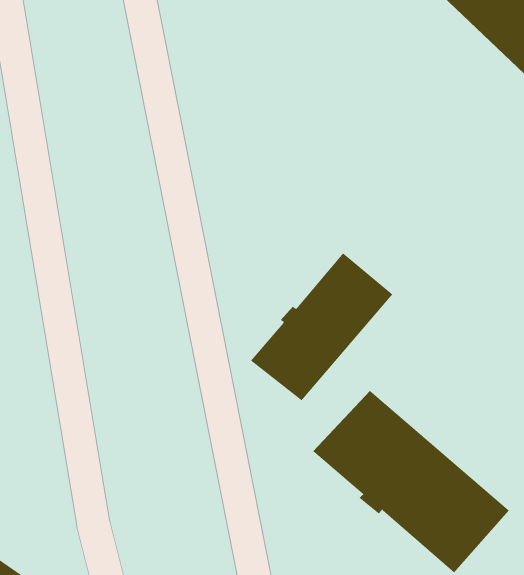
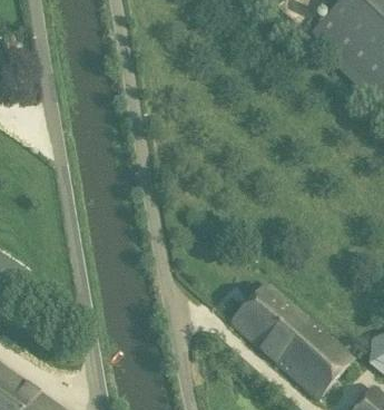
building: [250,252,393,401] -> none

